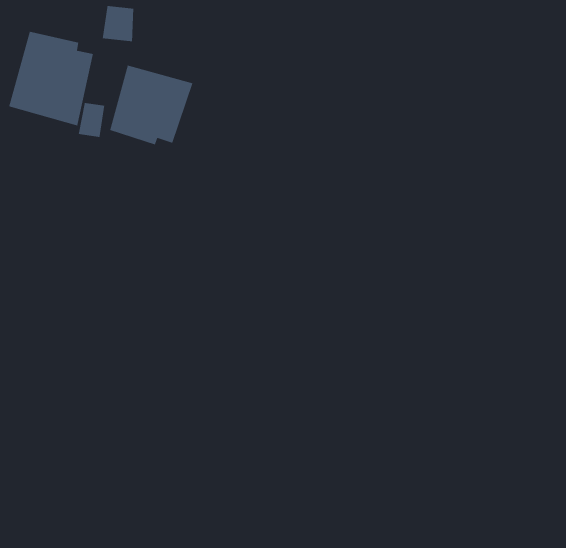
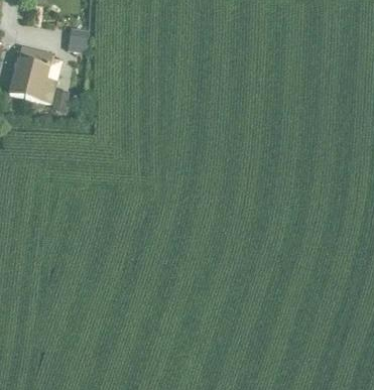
building: [109,65,194,146] -> none

